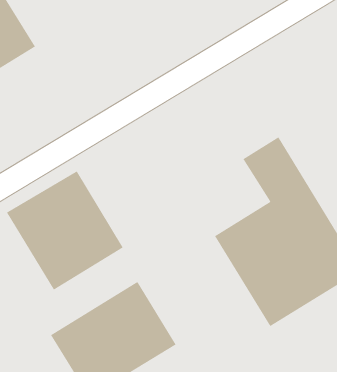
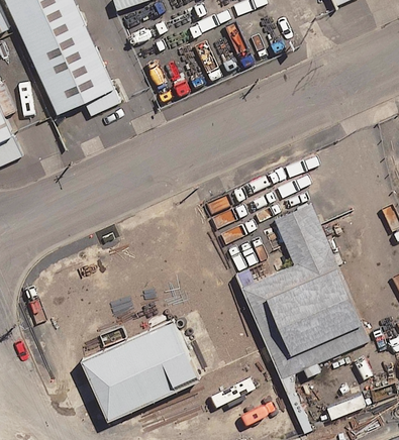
building: [6,170,124,290] -> none

